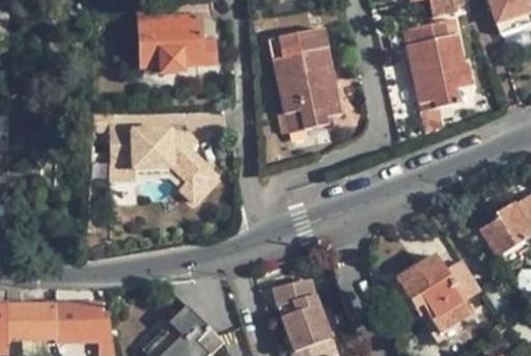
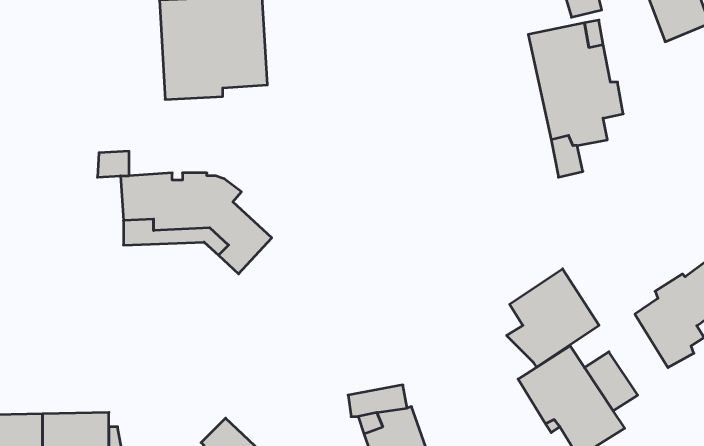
building: [269,32,340,134] -> none
building: none -> [507,269,599,367]

